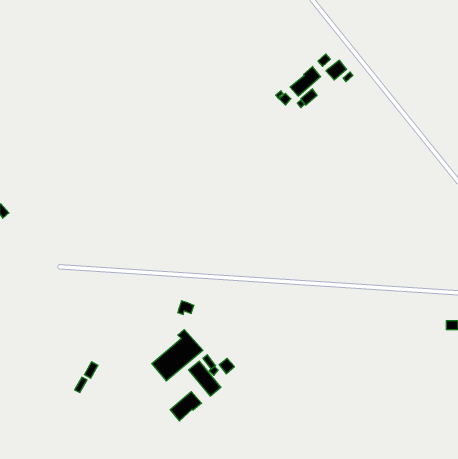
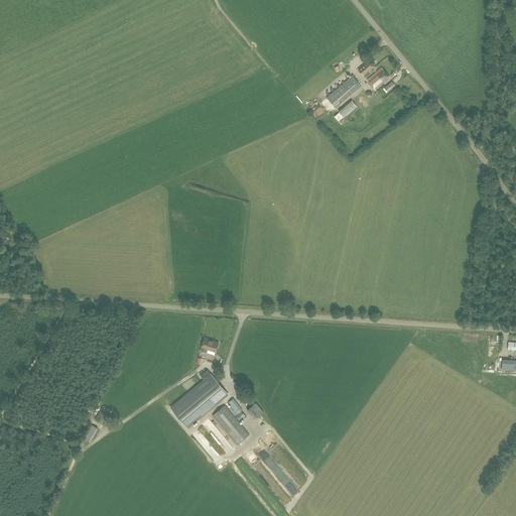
building: [170,392,202,421] -> none

